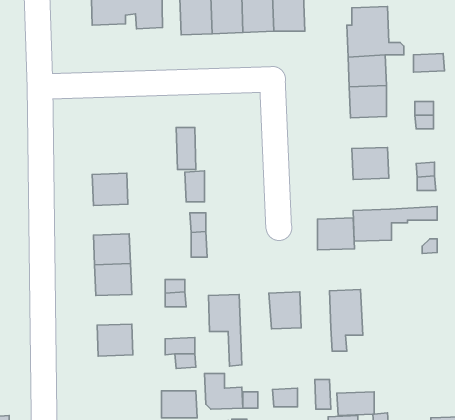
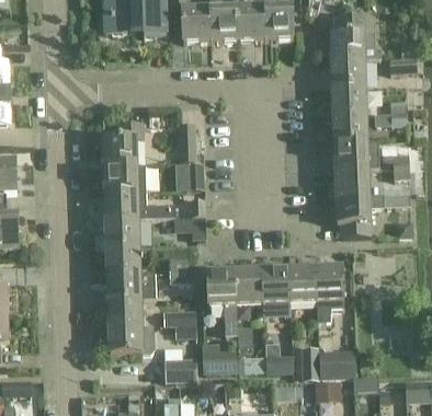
building: none -> [333,114,366,142]
building: none -> [103,124,139,165]
building: none -> [105,192,174,219]
building: [317,218,355,250] -> [336,169,368,197]
building: none -> [288,268,316,301]
building: none -> [107,270,155,299]
building: none -> [235,270,263,303]
building: none -> [110,325,154,354]

